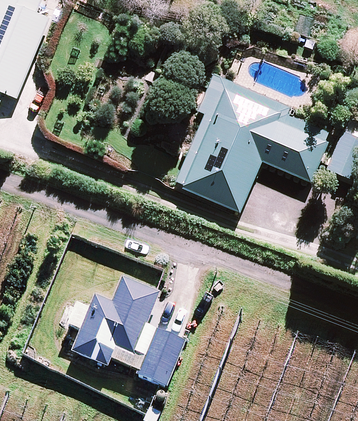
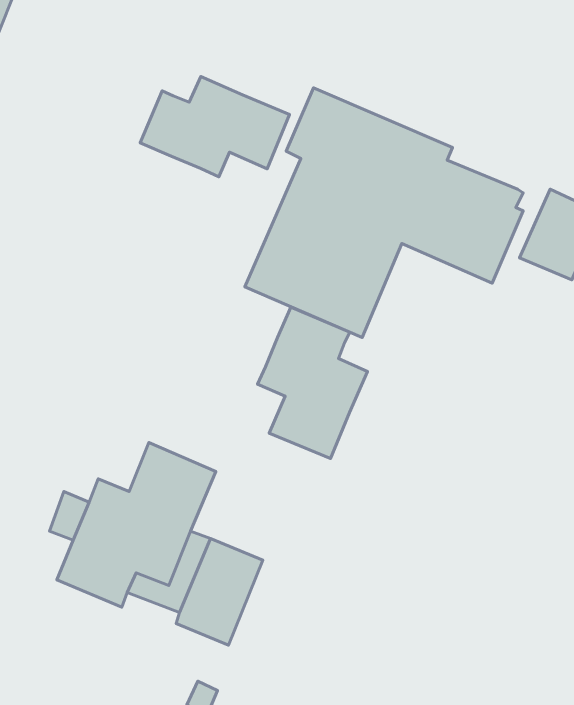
building: none -> [140,76,289,177]
building: none -> [257,307,368,459]

